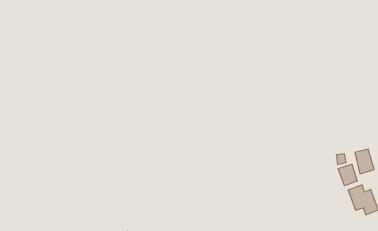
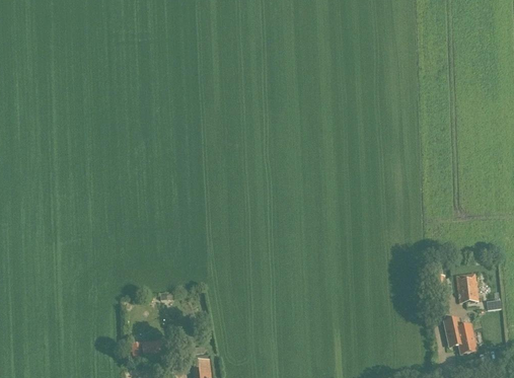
building: [338,164,357,186] -> none

